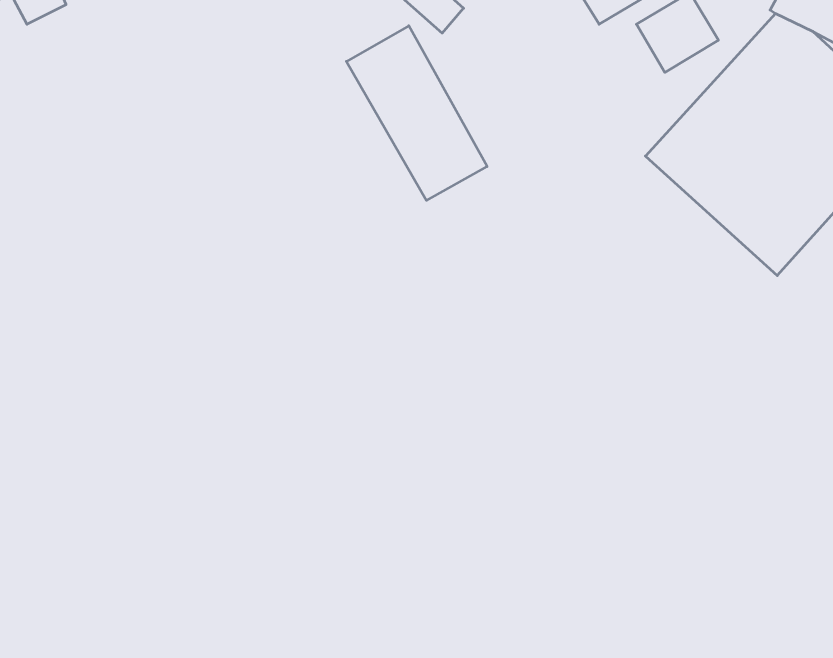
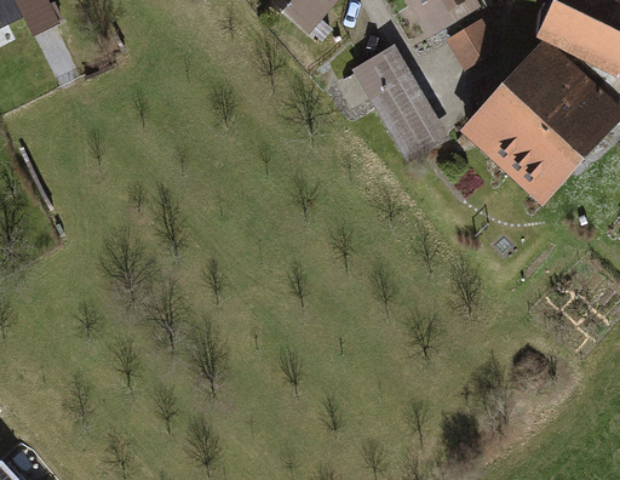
building: [346,26,487,200] -> [354,47,449,166]

